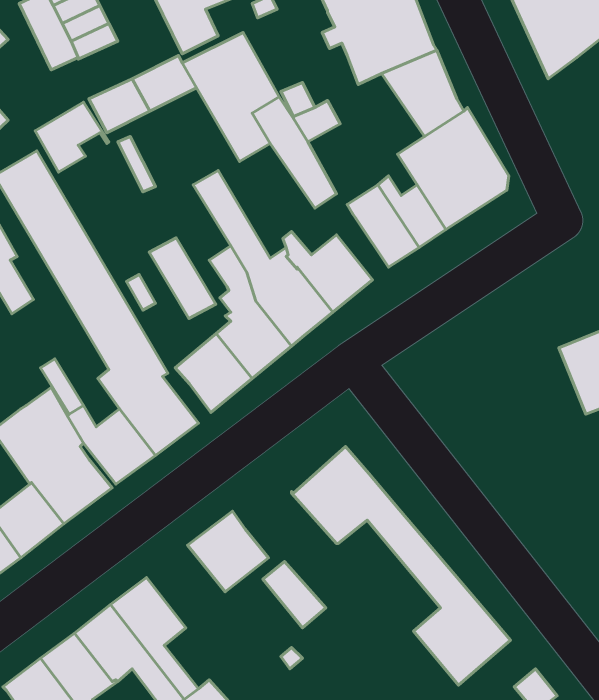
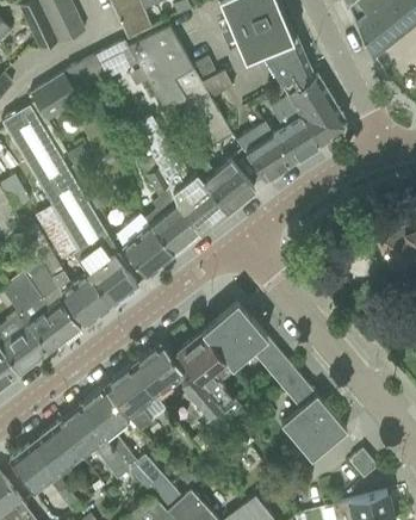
building: [149,238,216,318] -> [33,208,77,261]
building: none -> [176,333,234,408]
building: none -> [105,367,157,432]

